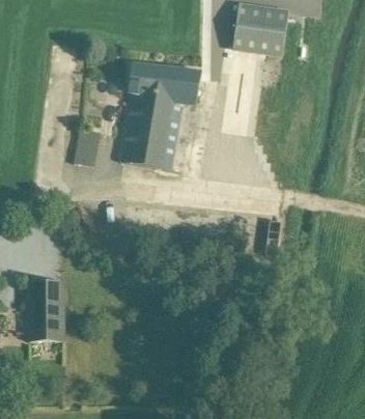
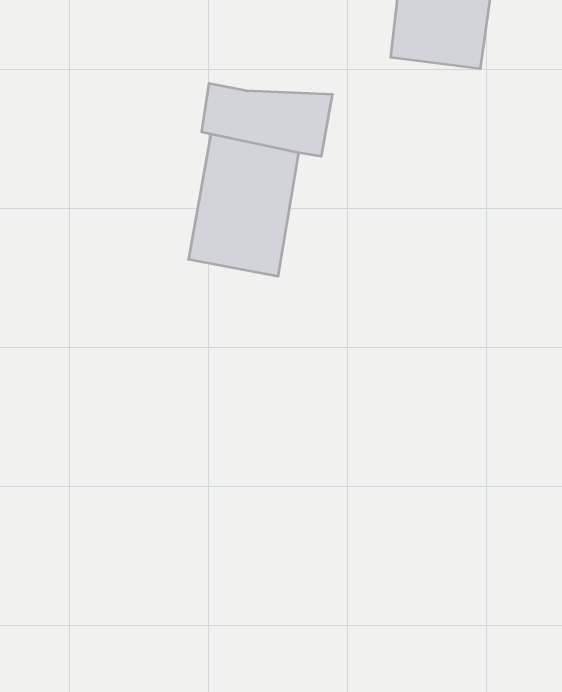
building: [75,129,100,167] -> none
building: [26,280,66,341] -> none

